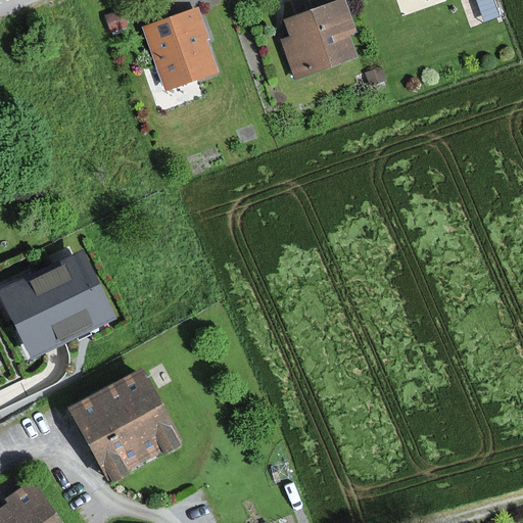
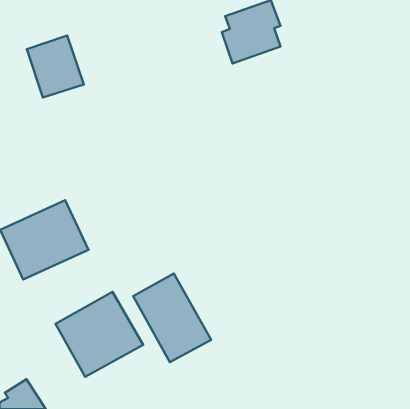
building: [143,9,216,88] -> [27,36,84,97]
building: none -> [133,273,211,362]

